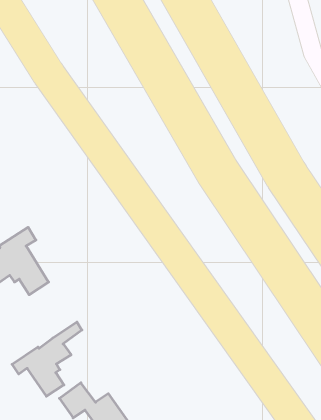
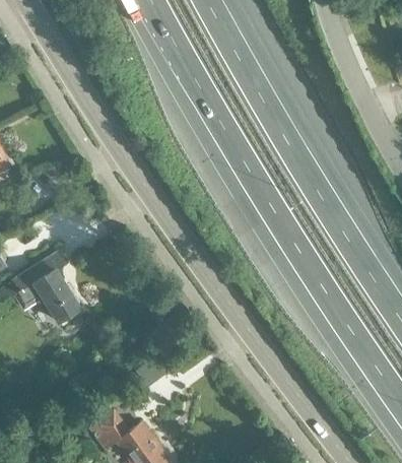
building: [12,322,82,396] -> none

